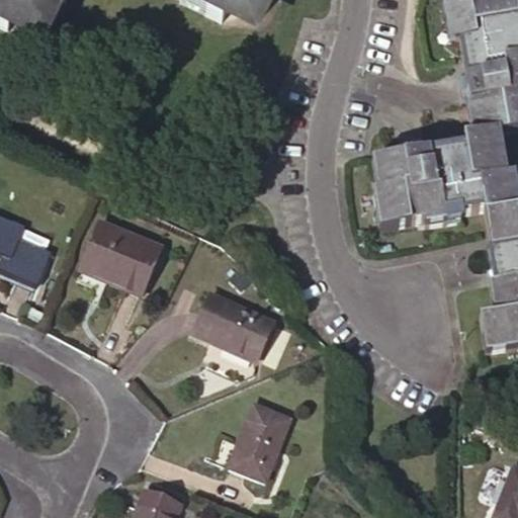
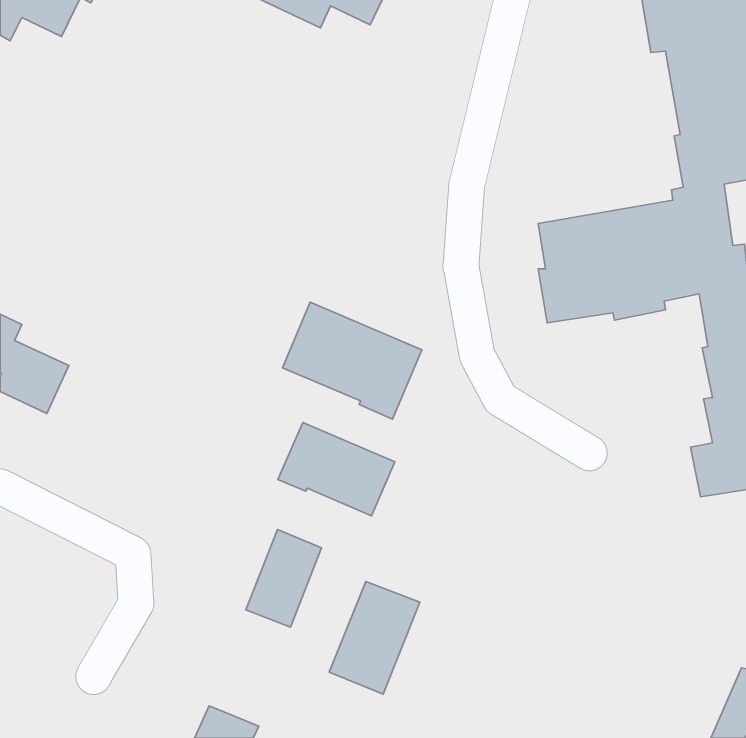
building: none -> [282,302,422,419]
building: [81,221,161,292] -> none
building: none -> [246,530,322,627]

